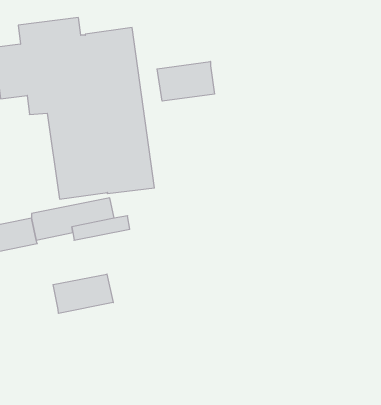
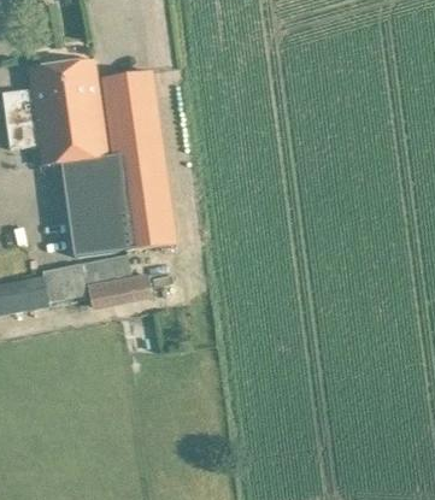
building: [157,61,214,101] -> none
building: [53,274,113,313] -> none

